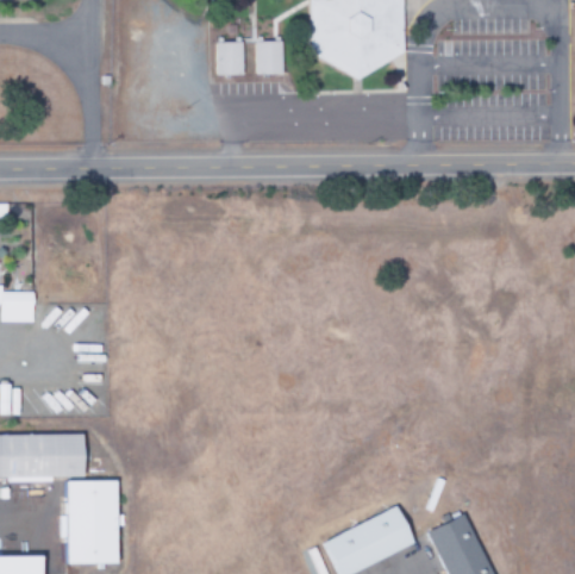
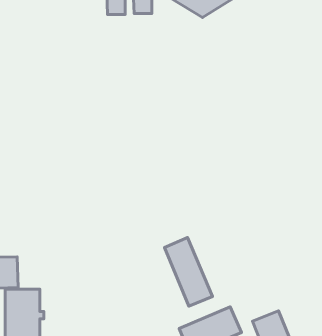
building: none -> [164,237,212,306]

